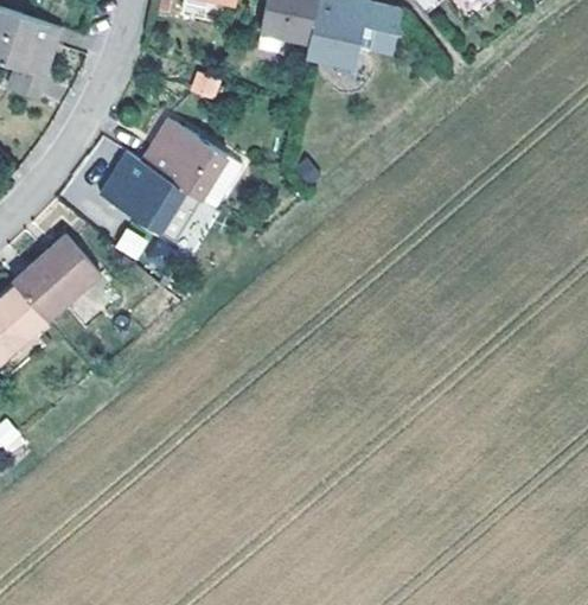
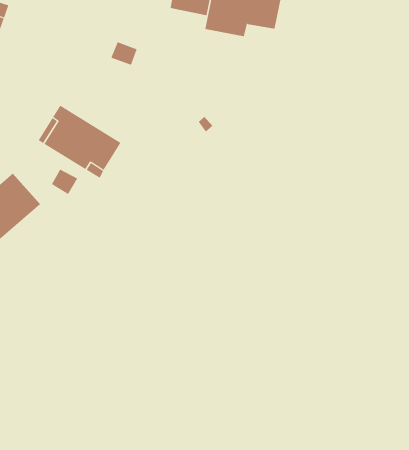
building: [141,119,243,197] -> none

